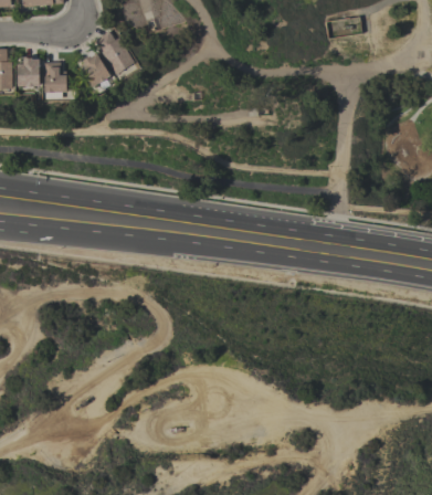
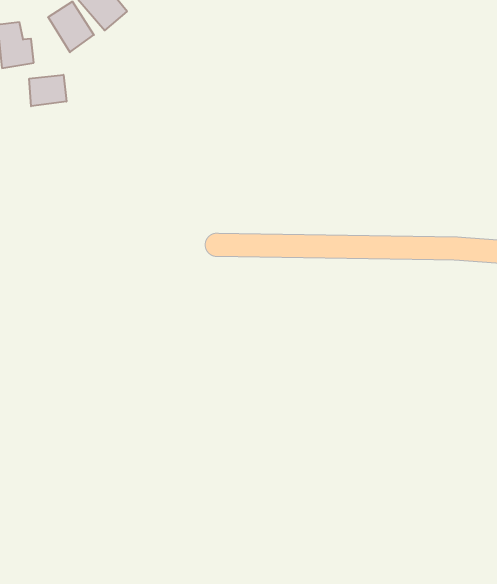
building: none -> [29,75,66,106]

